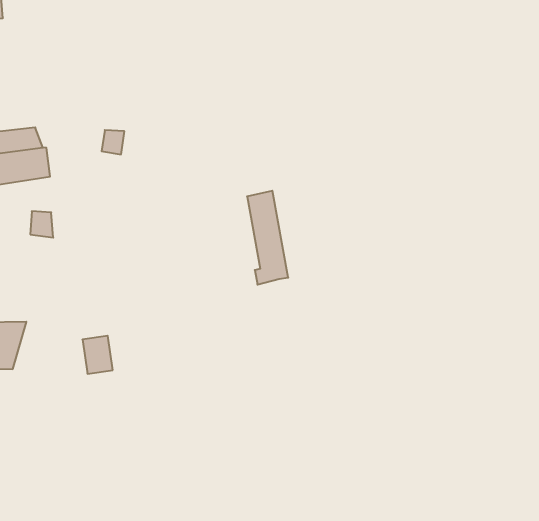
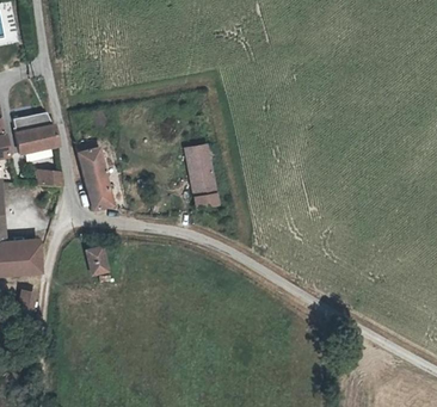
building: none -> [76,138,117,210]

